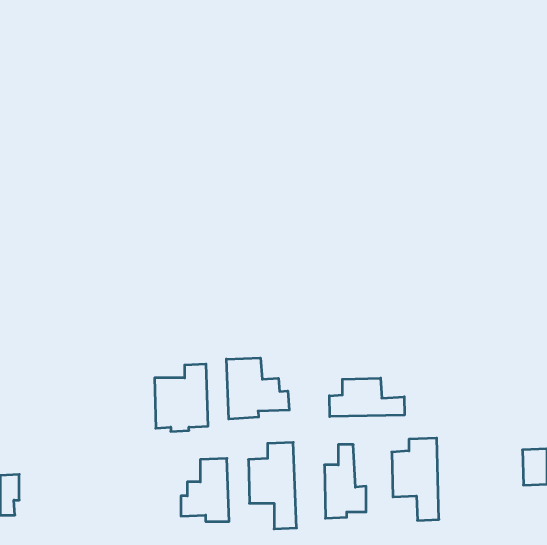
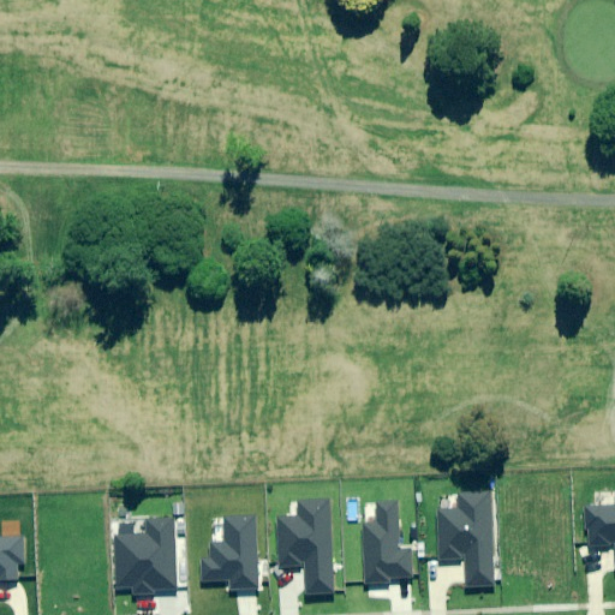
building: [226,358,289,419] -> none
building: [155,364,208,431] -> [115,517,175,592]
building: [329,378,404,417] -> none

